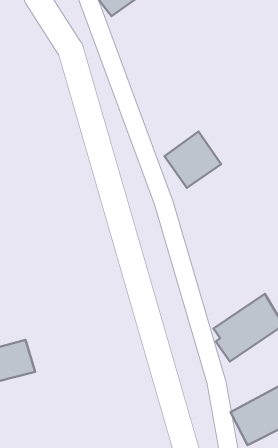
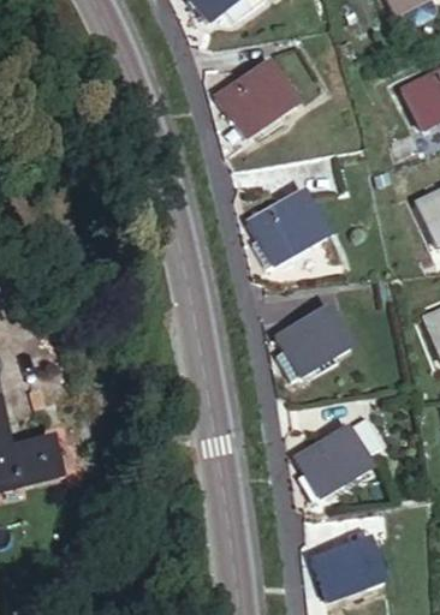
building: none -> [210,67,289,141]
building: none -> [266,301,353,380]

